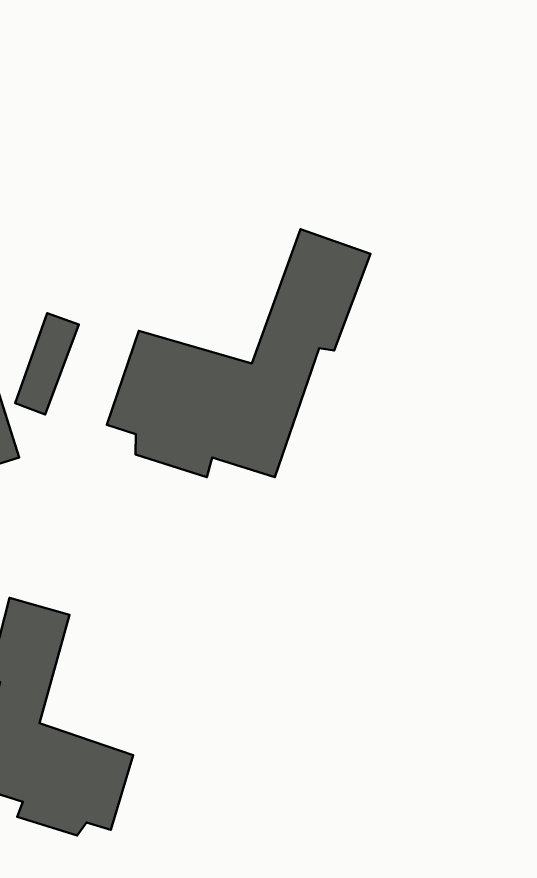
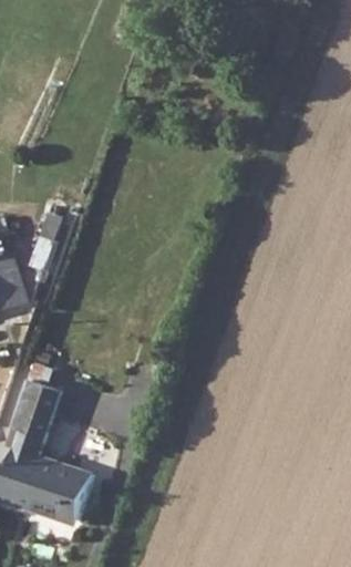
building: [107,229,370,477] -> none

